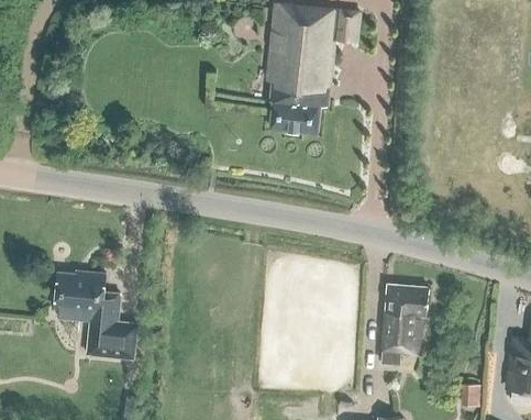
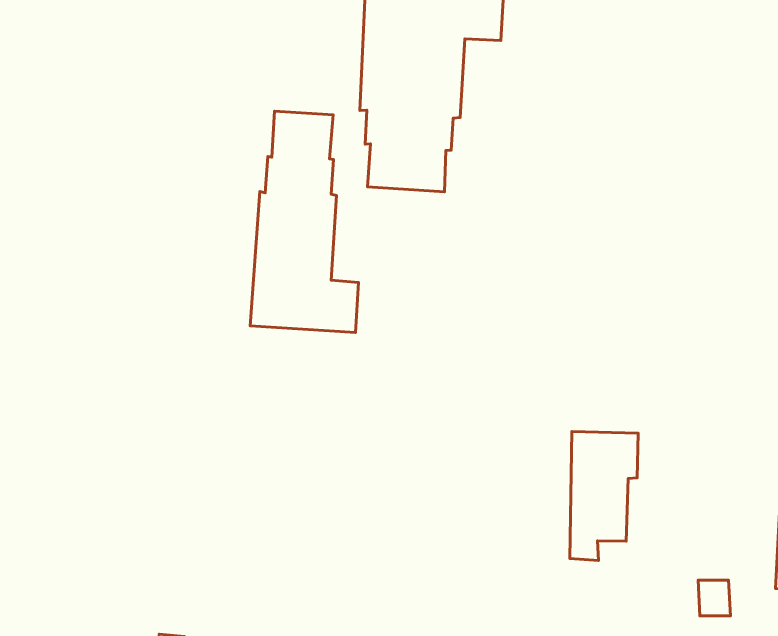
building: none -> [250,111,359,332]
building: [54,272,137,358] -> none

